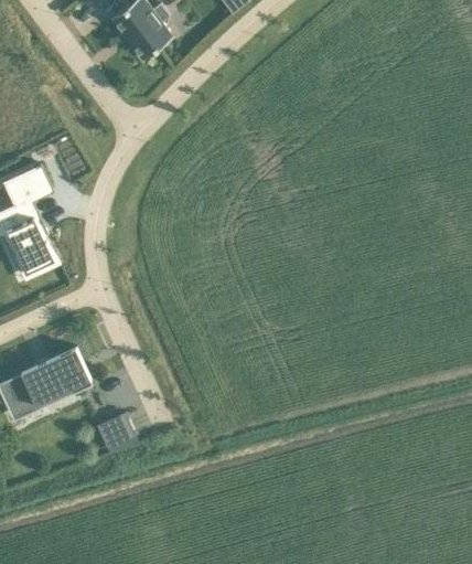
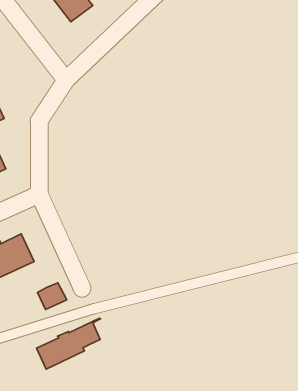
building: none -> [37,318,101,369]

